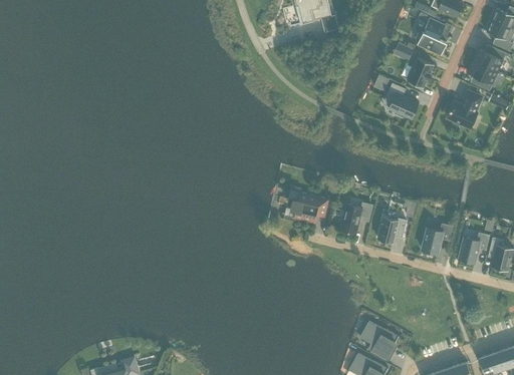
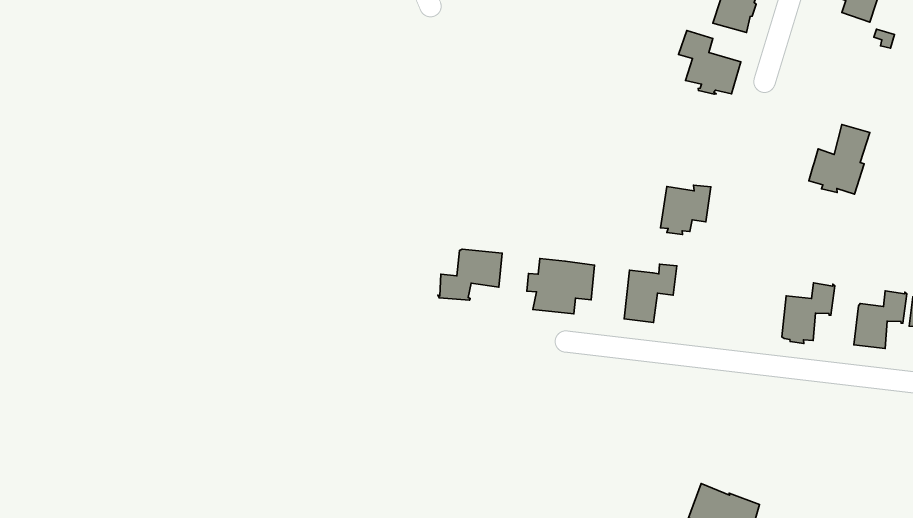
building: [447,91,482,128] -> [809,125,870,194]
building: none -> [438,249,502,300]
building: [377,218,407,244] -> [661,185,711,234]

